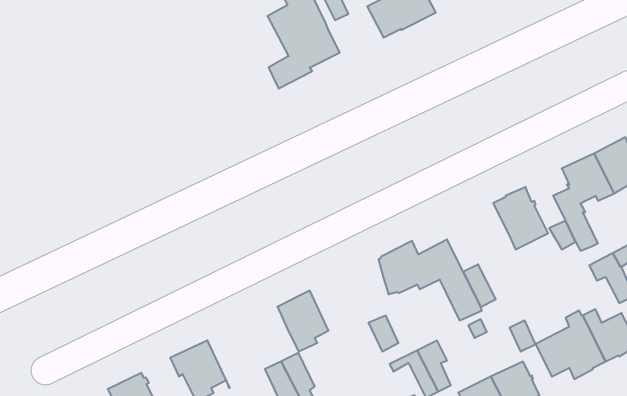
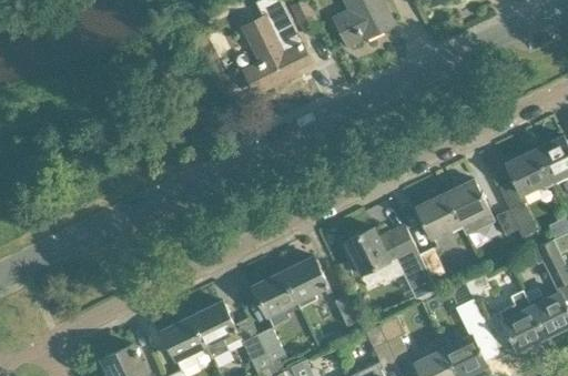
building: none -> [413,194,460,240]
building: none -> [282,256,327,307]
building: none -> [191,301,240,358]

